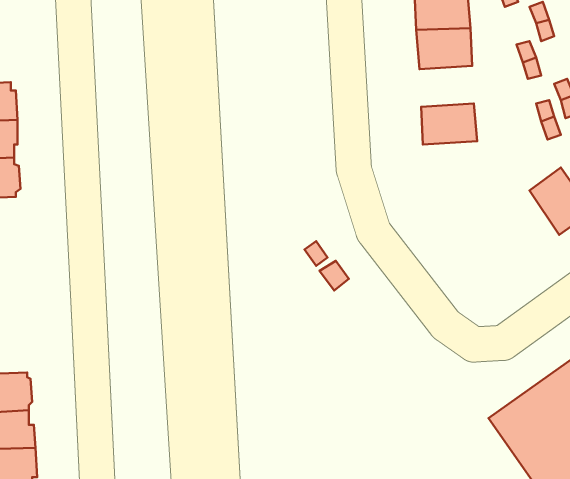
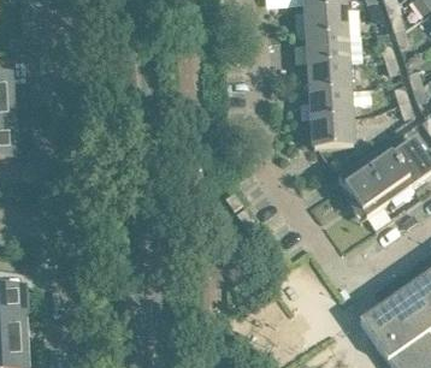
building: none -> [309,60,349,90]
building: none -> [312,115,353,146]
building: none -> [338,152,412,215]

